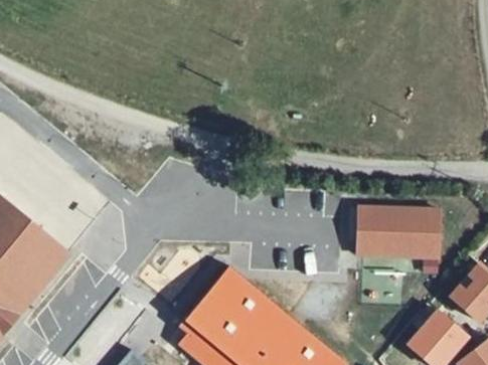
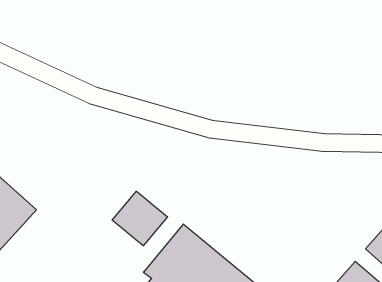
building: [358,206,436,259] -> none
building: none -> [112,191,168,246]

